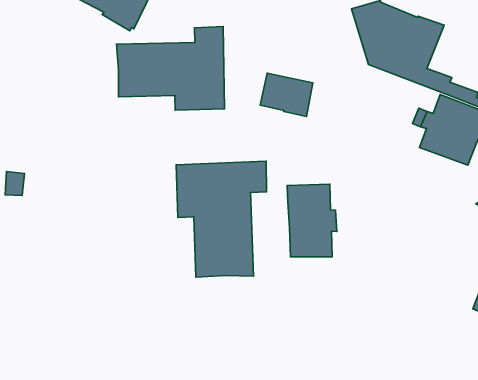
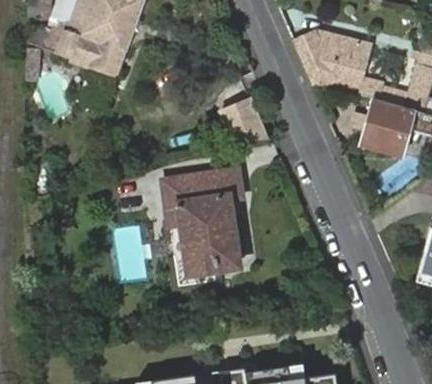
building: [116,26,225,110] -> none
building: [287,184,337,257] -> none

